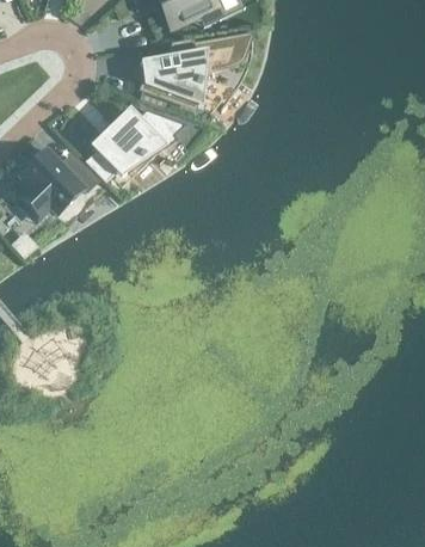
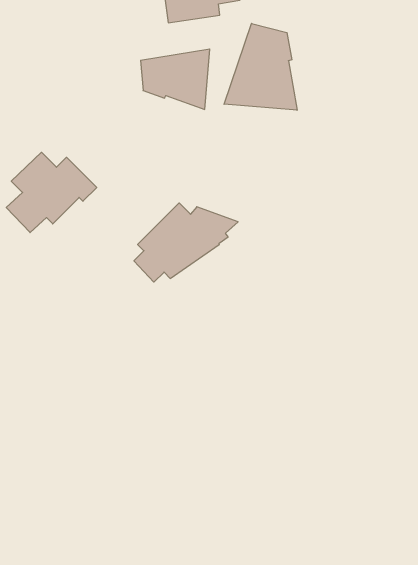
building: none -> [224,23,297,110]
building: [85,106,184,182] -> [134,203,238,282]

